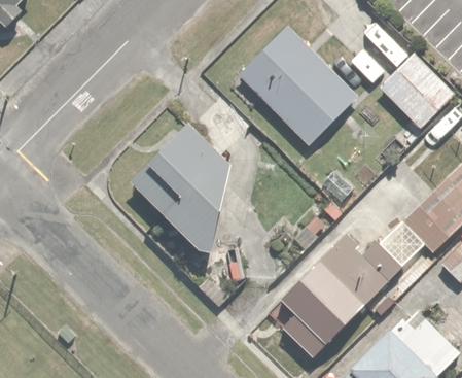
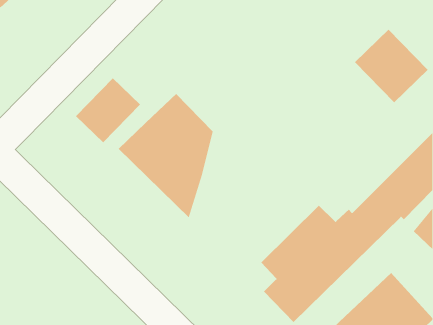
building: [240,26,363,149] -> none
building: none -> [75,77,141,143]

